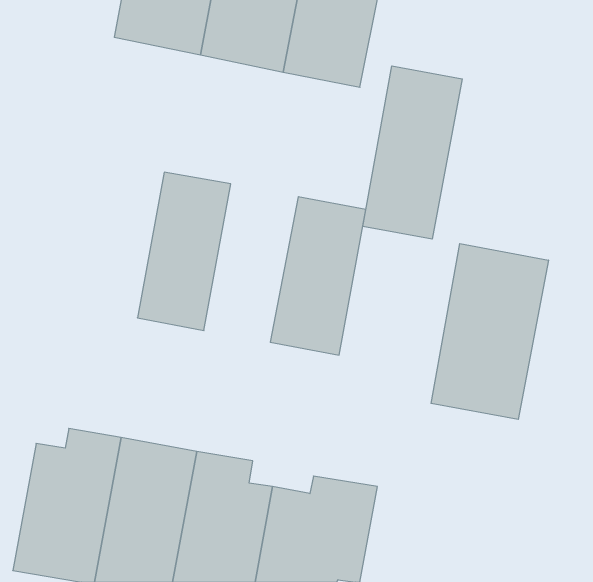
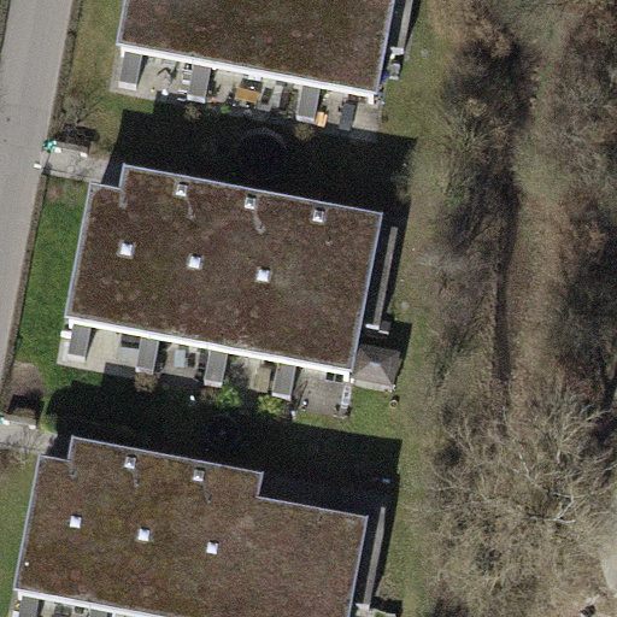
building: [363,66,462,239] -> none
building: none -> [71,170,170,329]
building: none -> [211,190,308,354]
building: [431,244,548,419] -> none

